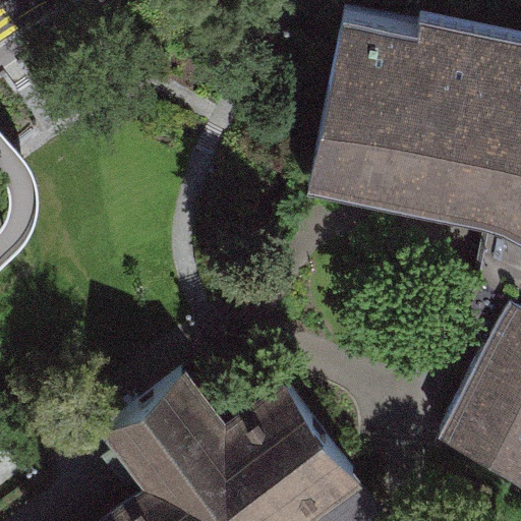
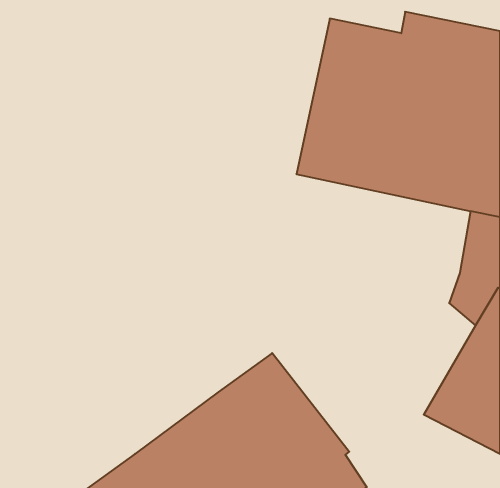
building: [102,367,227,484] -> none

